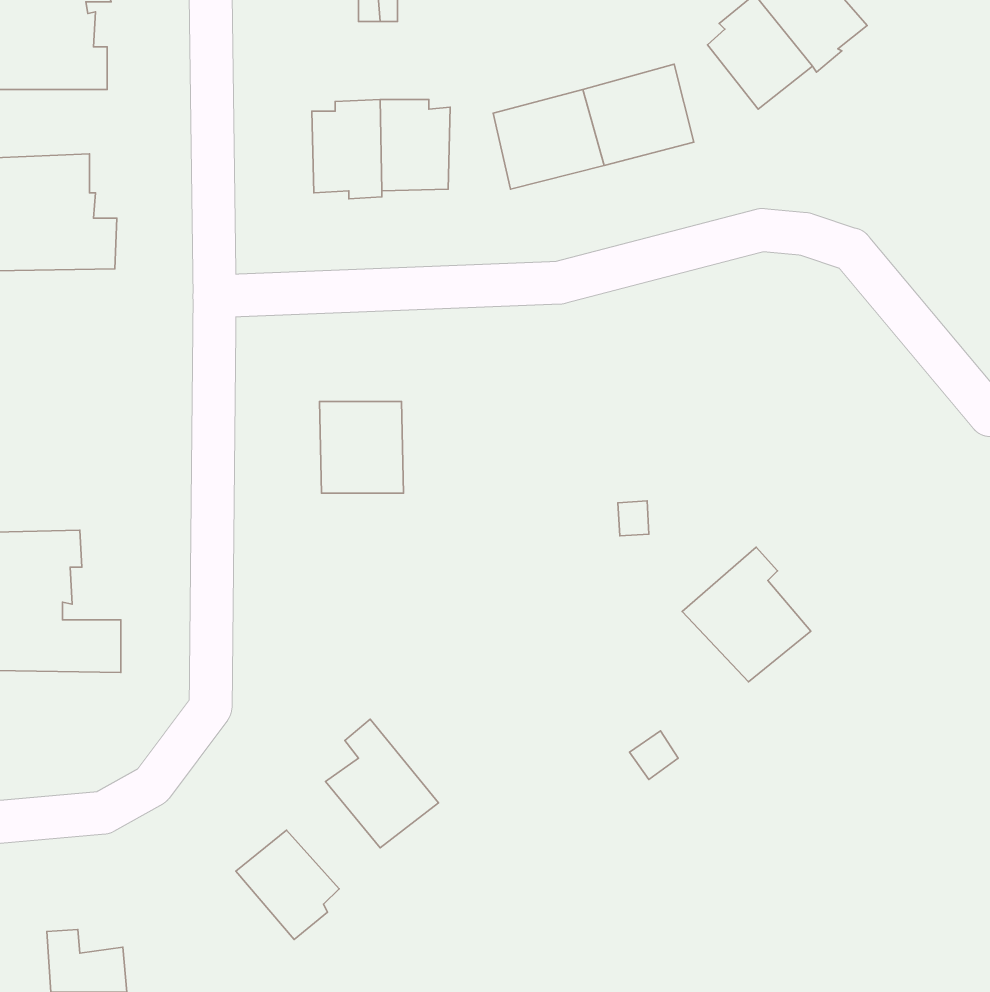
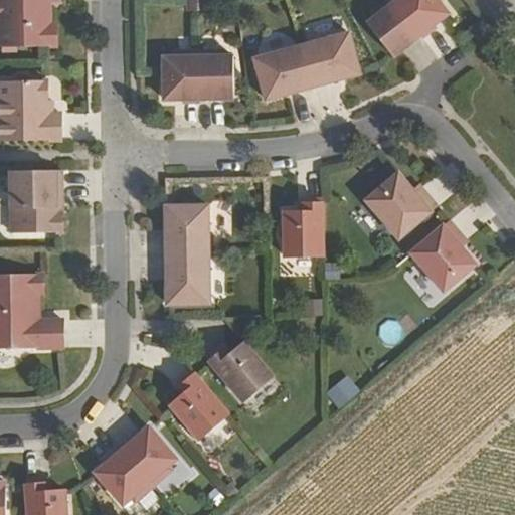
building: none -> [10,169,60,233]
building: none -> [365,173,436,236]
building: none -> [283,199,321,255]
building: none -> [166,254,208,303]
building: [682,547,811,682] -> [408,220,475,290]
building: none -> [205,343,272,400]
building: none -> [95,450,152,504]

